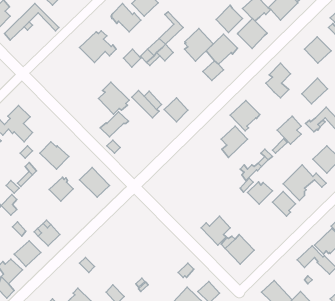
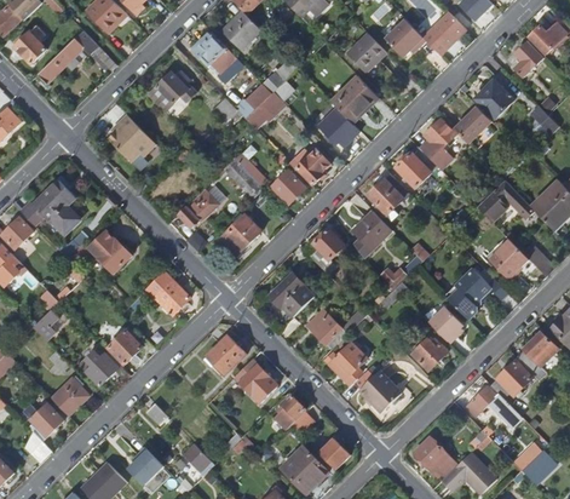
building: [237,19,267,48] -> none
building: [184,29,213,61] -> none
building: [302,78,327,104] -> [455,104,493,142]
building: [98,82,129,114] -> [109,114,154,161]
building: none -> [296,147,329,183]
building: [277,116,301,144] -> [396,145,431,187]
building: none -> [220,212,260,253]
building: none -> [310,228,345,273]
building: none -> [270,271,315,316]
building: [49,177,73,201] -> [106,328,142,363]
building: [248,182,272,204] -> [411,337,448,369]
building: none -> [310,308,347,349]
building: none -> [203,334,246,375]
building: none -> [234,356,280,402]
building: none -> [272,394,305,430]

